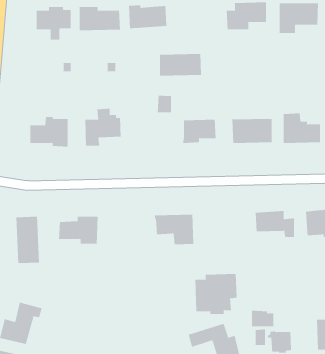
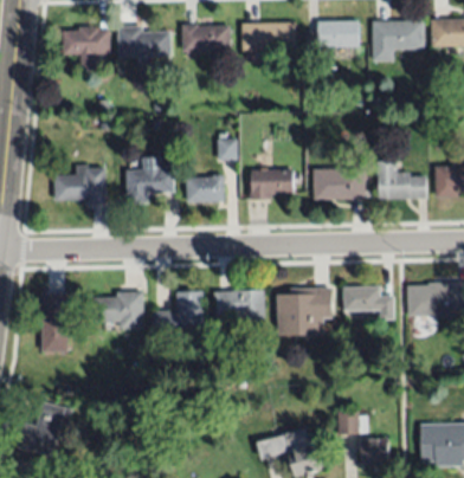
building: [159,54,202,76] -> [241,22,296,51]
building: none -> [185,175,224,202]
building: none -> [153,291,202,338]
building: [195,274,237,315] -> [277,288,331,340]

